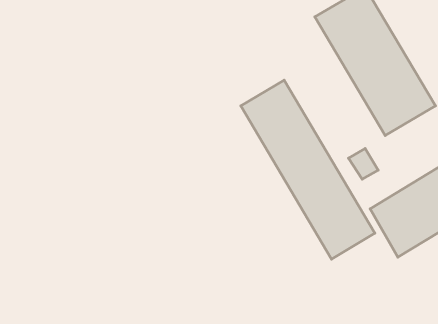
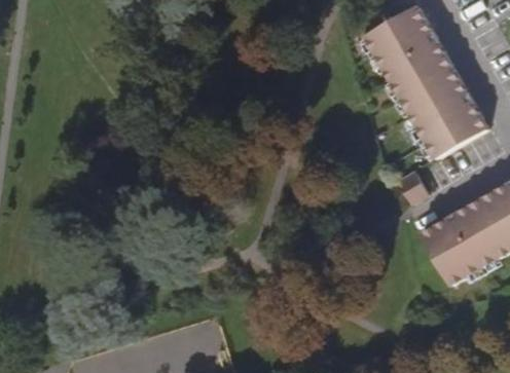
building: [241,80,375,259] -> none

